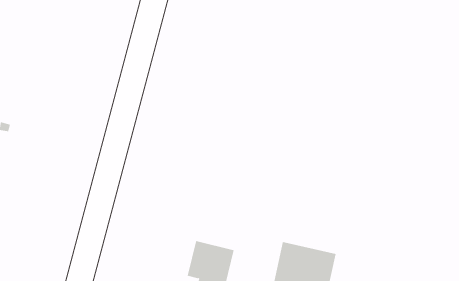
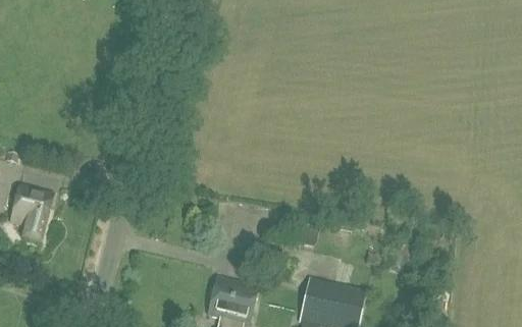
building: none -> [12,184,53,243]

